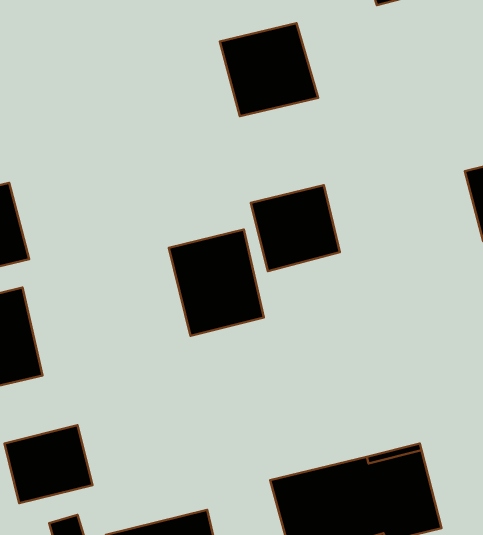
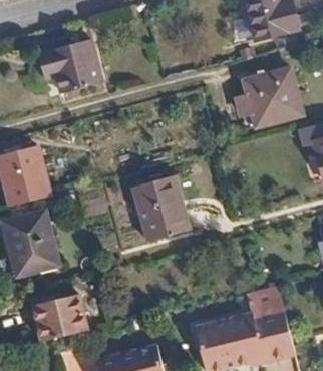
building: none -> [38,41,101,94]
building: [220,23,318,116] -> [243,67,302,123]
building: [251,185,340,271] -> none

